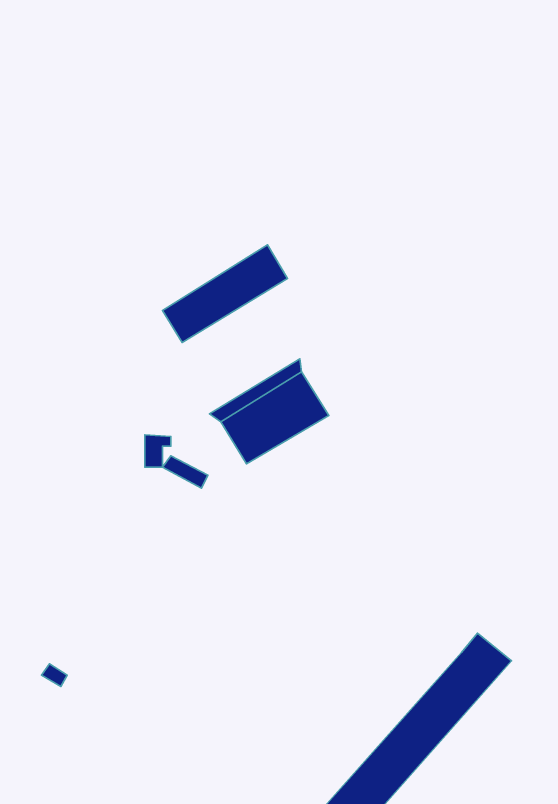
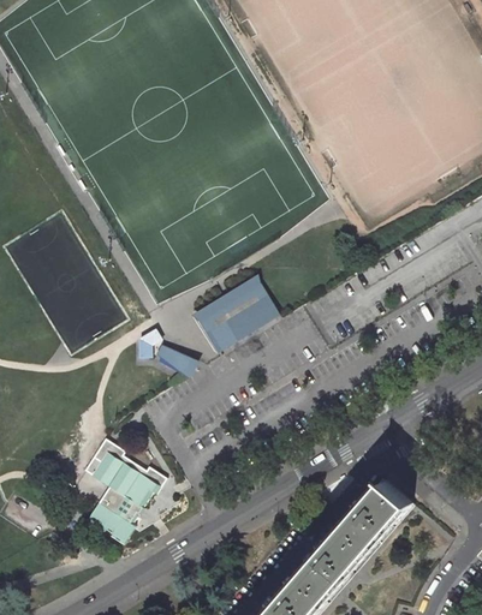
building: [162,245,288,343] -> none
building: none -> [88,438,163,544]

